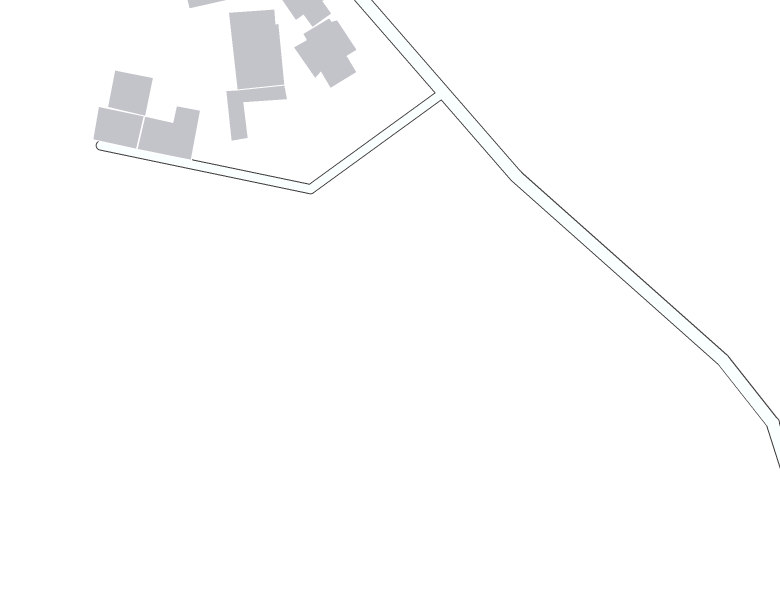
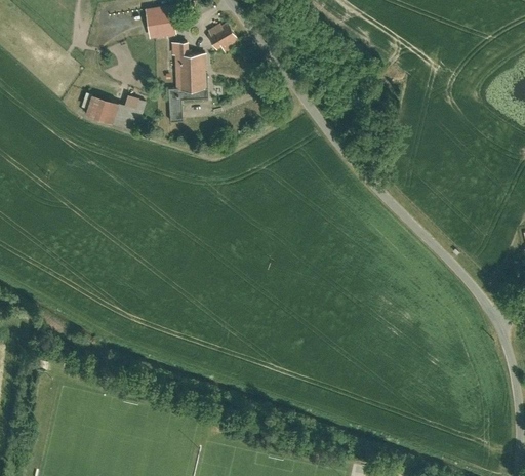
building: [293,18,358,89] -> none
building: [107,70,154,116] -> none

